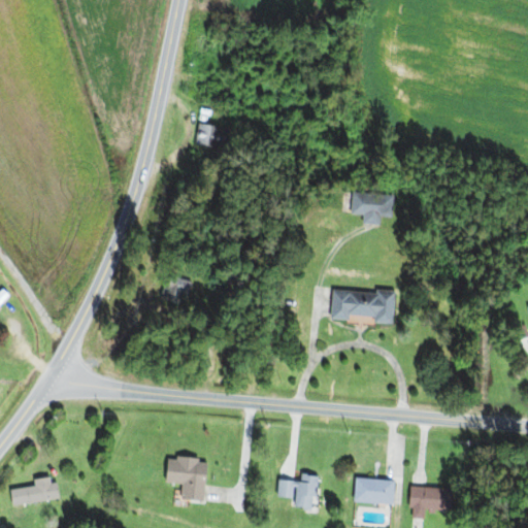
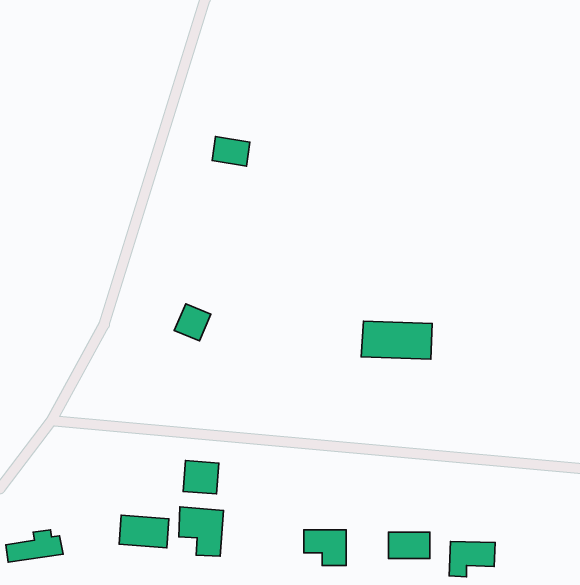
building: [352,192,394,223] -> none
building: none -> [183,460,219,494]
building: none -> [119,515,169,548]

